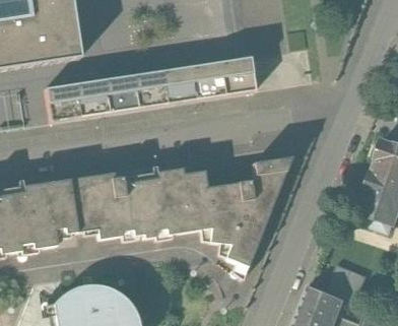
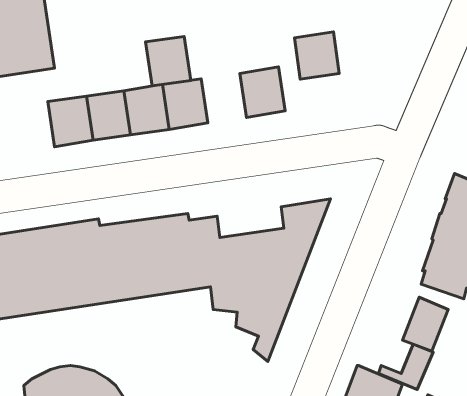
building: none -> [295,32,339,79]
building: [194,60,228,97] -> [145,36,191,86]
building: [48,81,82,120] -> none
building: none -> [402,297,448,351]

